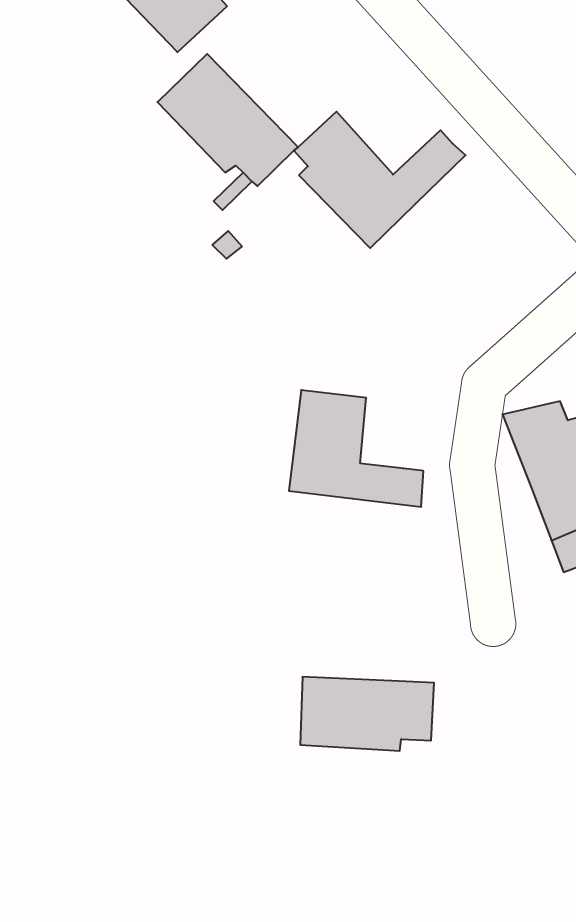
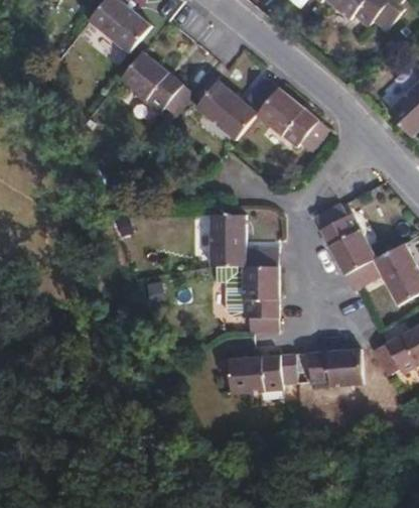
building: none -> [256,87,328,150]
building: none -> [241,266,278,332]
building: none -> [294,349,362,387]

